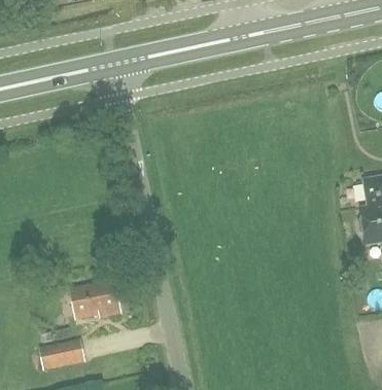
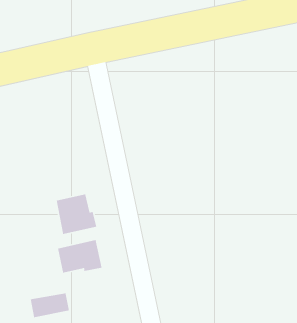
building: none -> [56,194,97,235]

